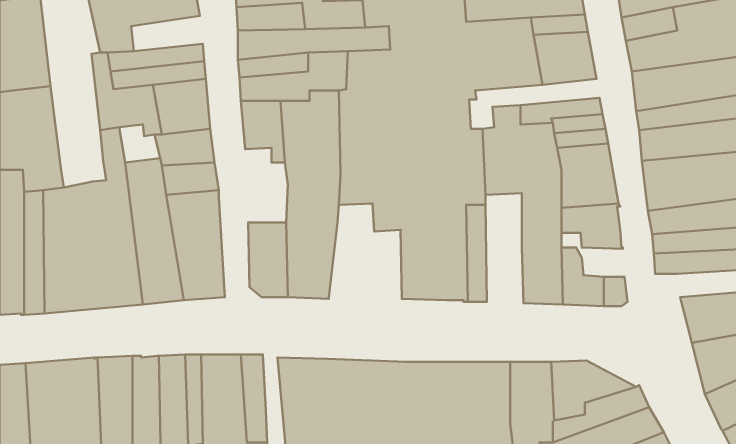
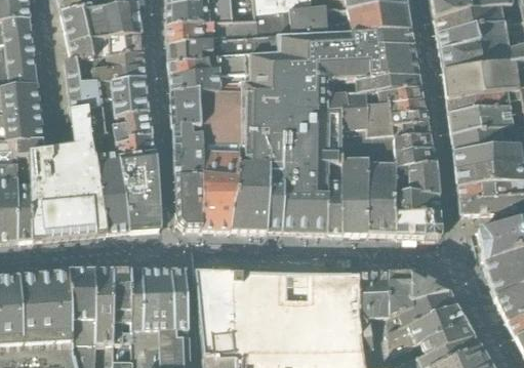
building: none -> [93,32,144,56]
building: none -> [330,76,421,111]
building: none -> [173,124,203,176]
building: none -> [341,156,368,233]
building: none -> [232,163,283,230]
building: none -> [395,183,439,214]

